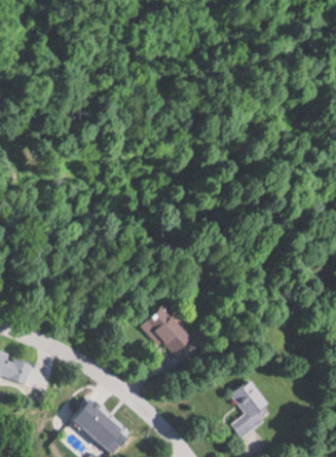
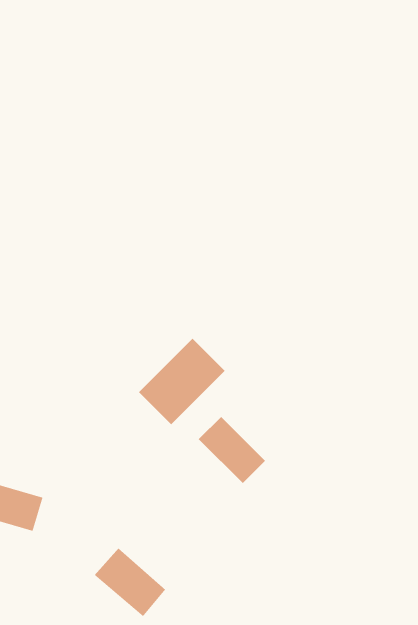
building: none -> [138,338,226,425]
building: [232,379,270,439] -> none

